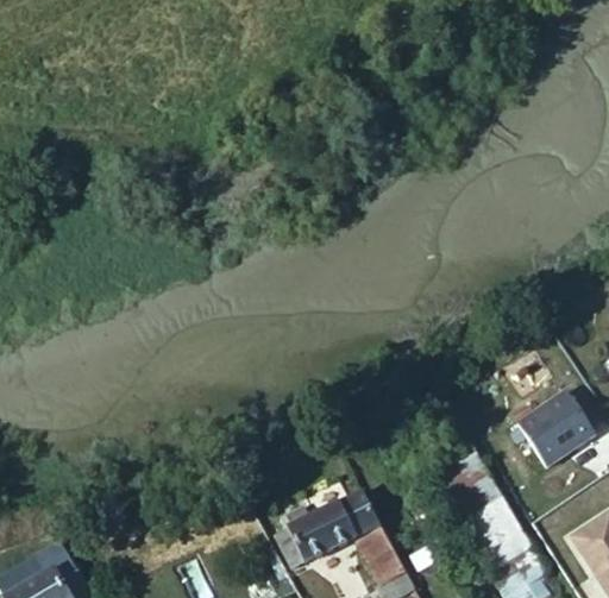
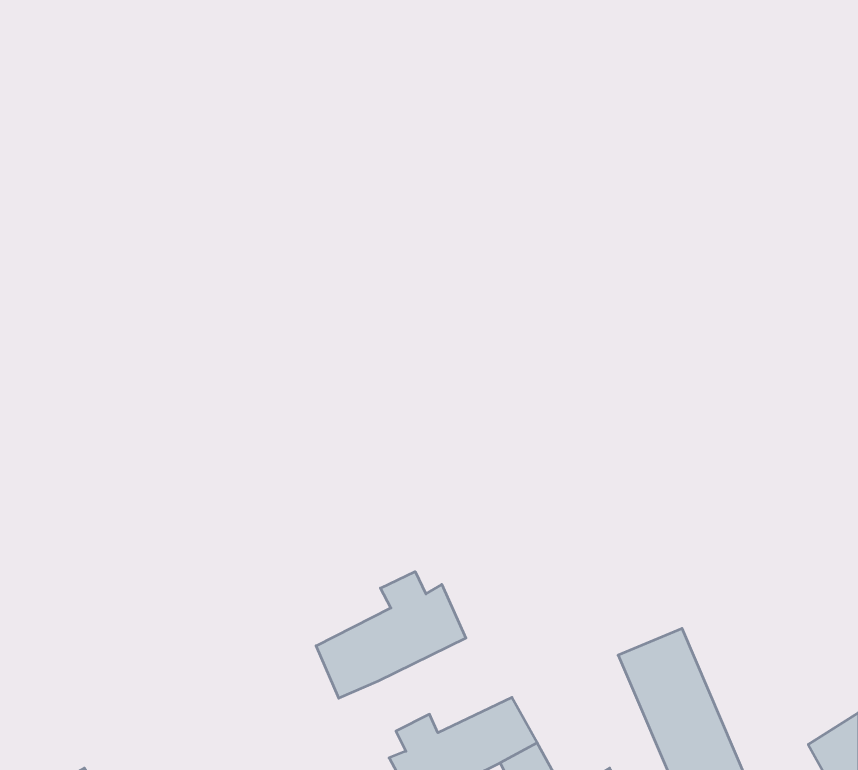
building: [521,391,601,470] -> none
building: none -> [316,572,466,698]

